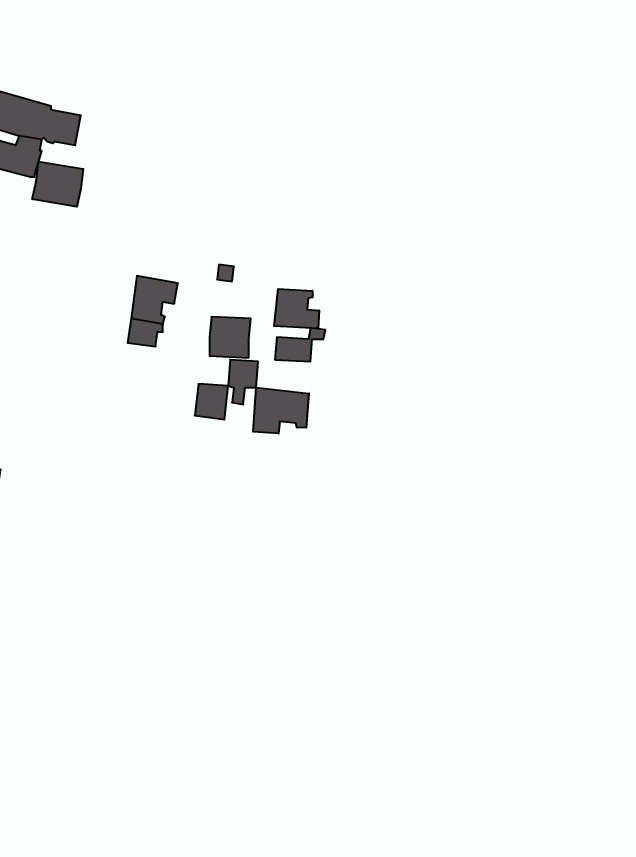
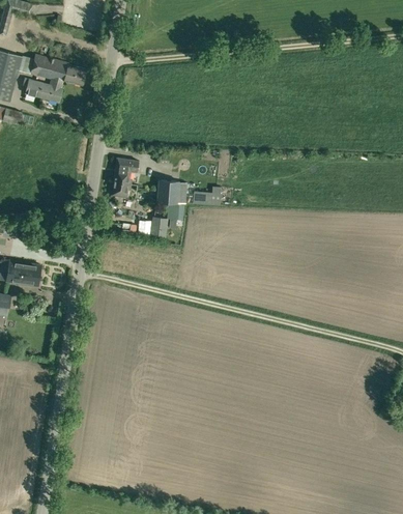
building: [32,162,83,207] -> none
building: [274,289,319,328] -> none
building: [253,387,309,434] -> none

